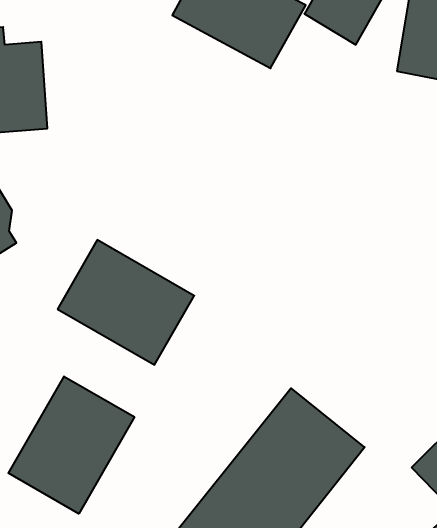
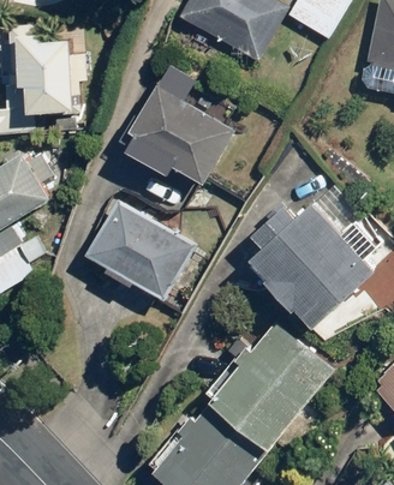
building: none -> [126,64,235,181]
building: none -> [255,202,380,327]
building: [8,376,134,514] -> none

